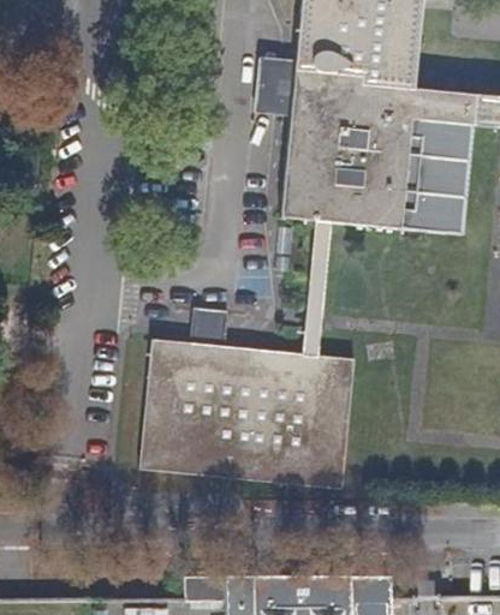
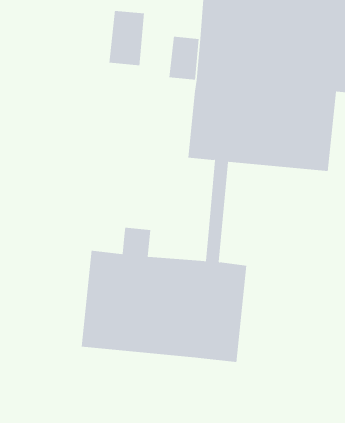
building: none -> [109,10,145,66]

